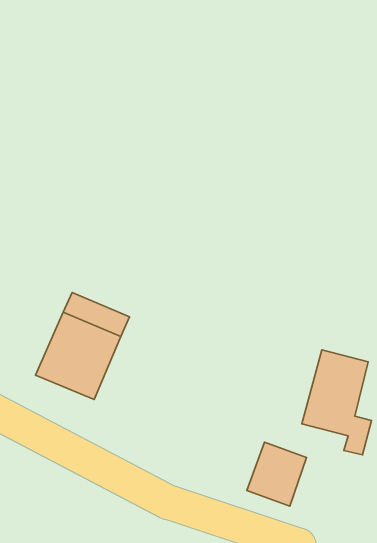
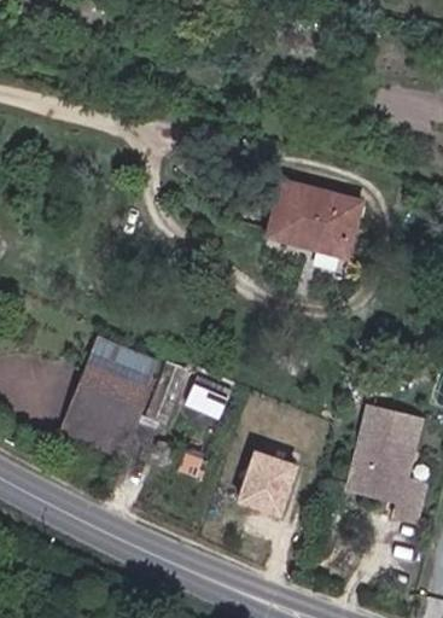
building: none -> [276,186,365,257]
building: [247,442,306,506] -> [238,448,303,518]

